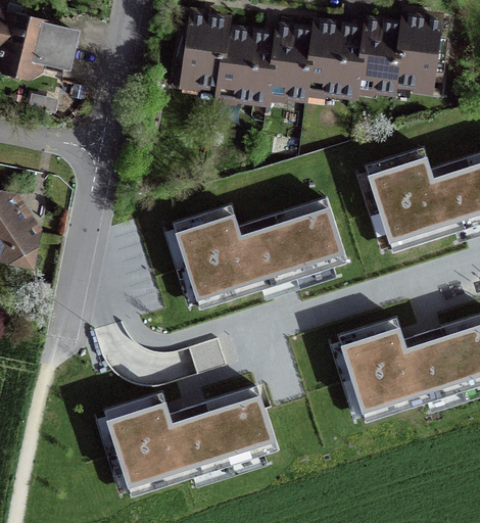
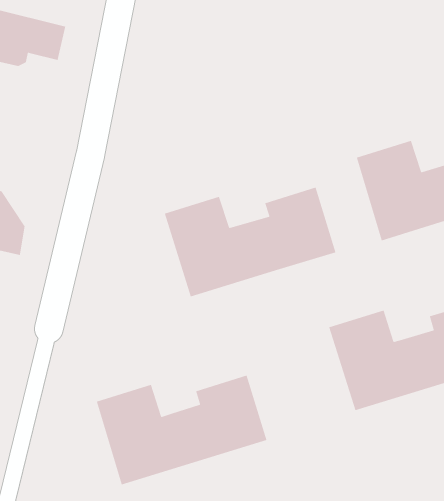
building: [182,15,439,104] -> none

